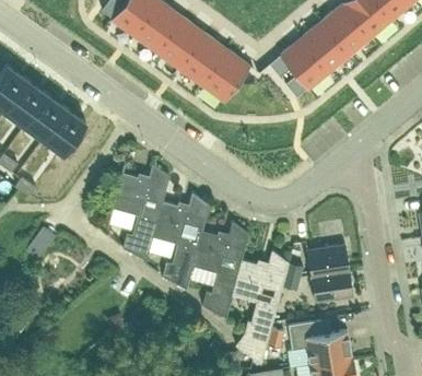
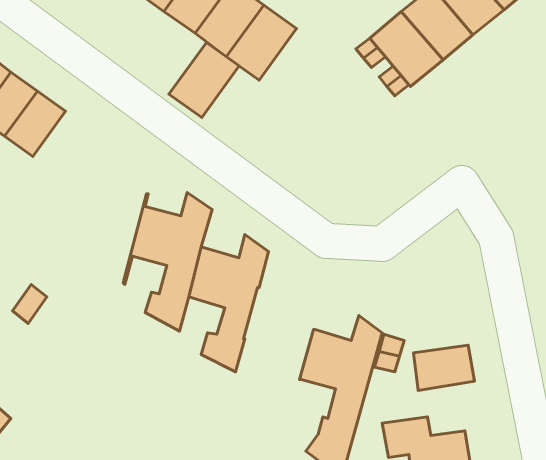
building: [201,50,250,103] -> [169,43,239,117]
building: [43,108,85,154] -> none
building: [190,223,248,320] -> none
building: [305,246,348,278] -> none

